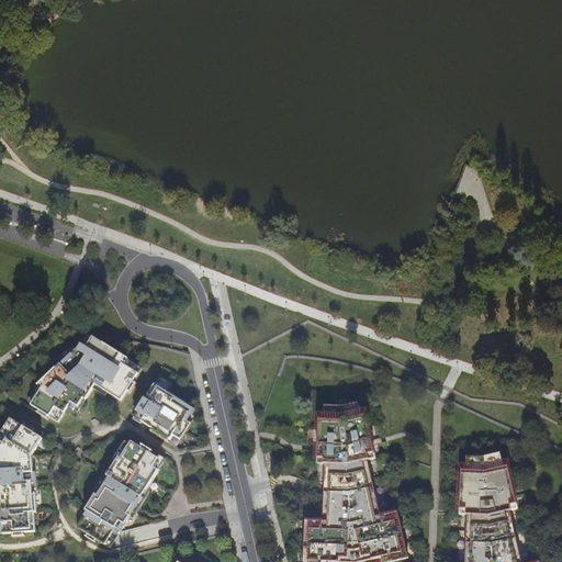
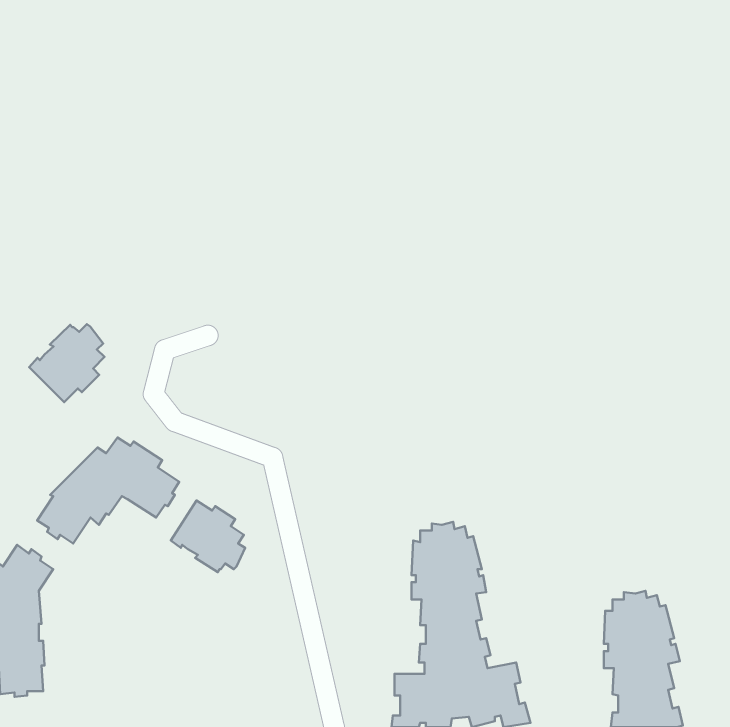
building: none -> [29,324,105,402]
building: [76,437,156,540] -> none

